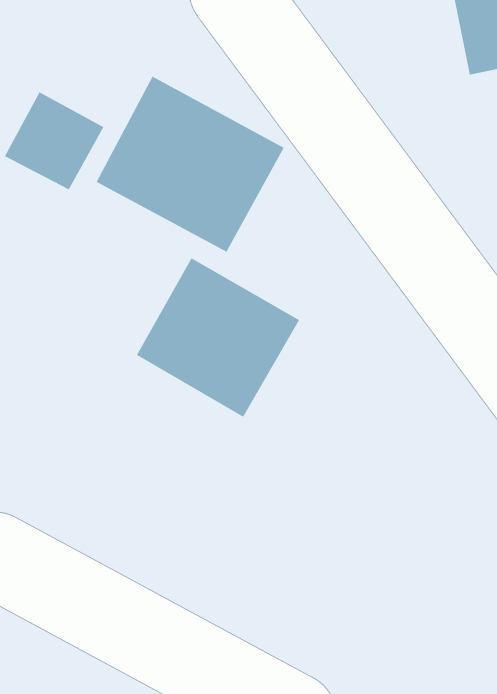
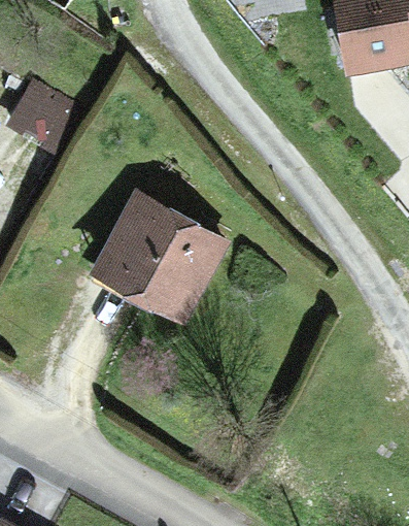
building: [95,76,285,253] -> none

